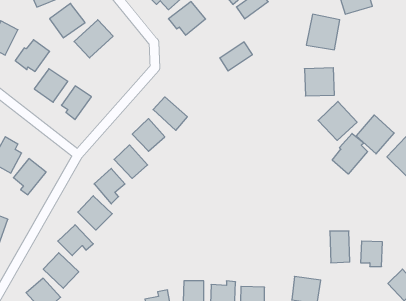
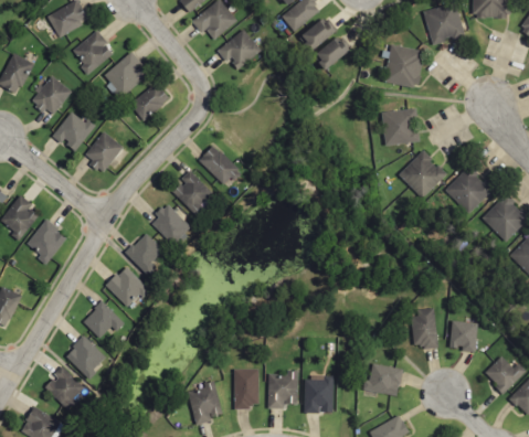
building: [220,42,252,71] -> [310,34,350,70]
building: none -> [130,82,169,120]
building: [332,133,368,174] -> none

